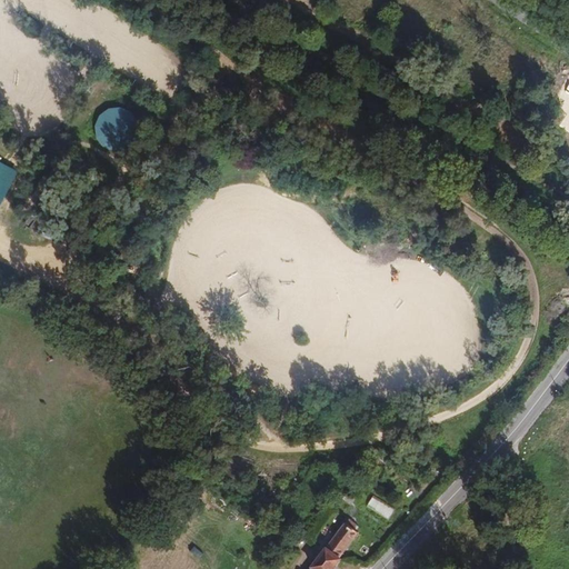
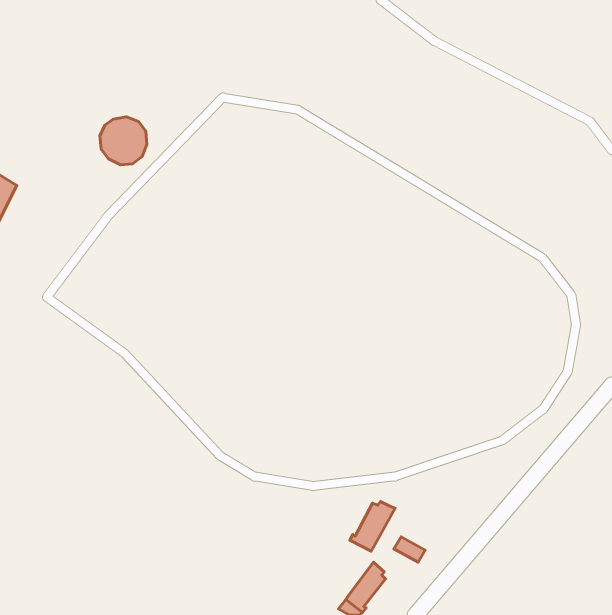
building: none -> [350,501,395,551]

